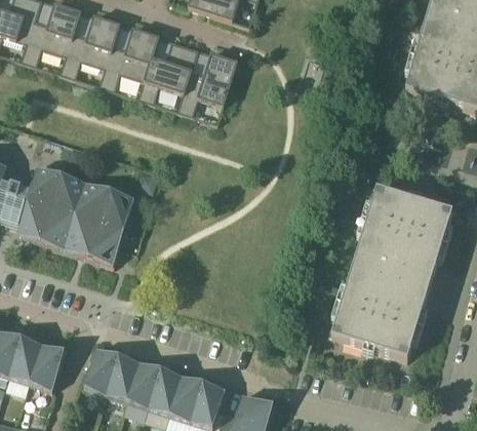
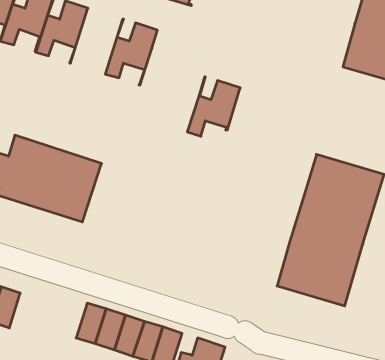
building: [100,25,158,99] -> none
building: [177,49,237,116] -> [187,77,240,136]
building: [31,345,65,391] -> none
building: [84,349,118,395] -> none

